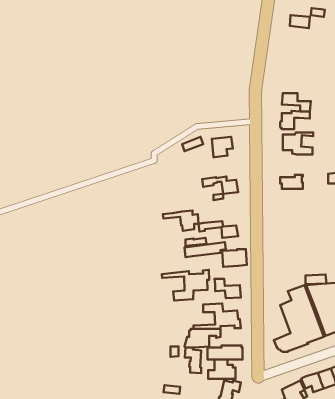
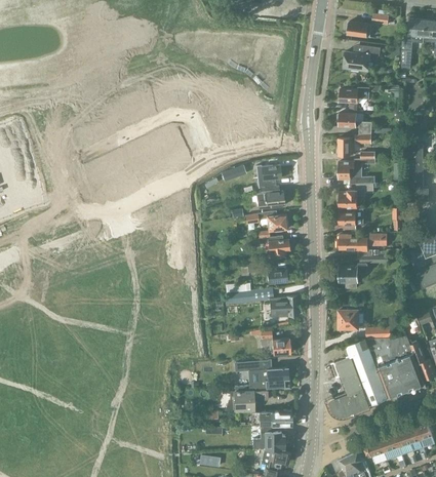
building: none -> [343,46,380,73]
building: none -> [338,89,371,105]
building: none -> [335,186,372,208]
building: none -> [255,187,283,208]
building: none -> [338,235,386,256]
building: [163,211,199,231] -> [246,236,288,260]
building: none -> [338,264,370,288]
building: none -> [339,304,363,332]
building: [162,270,209,300] -> none
building: [185,347,201,373] -> none

